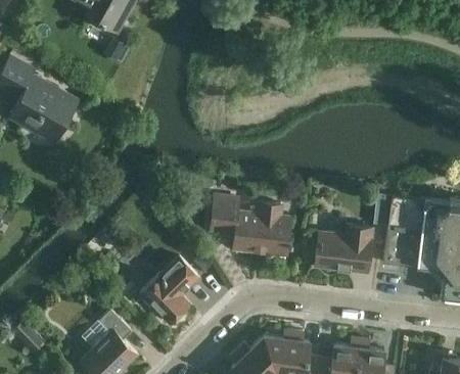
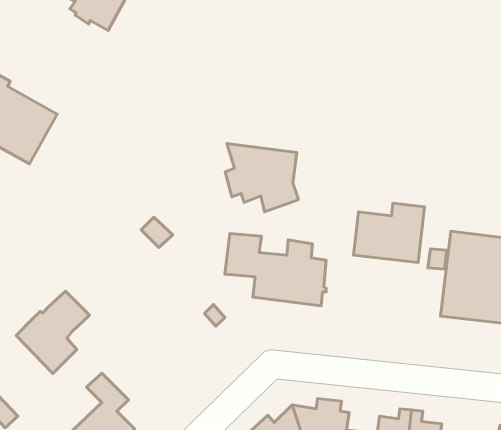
building: none -> [225,143,298,212]
building: [315,224,372,272] -> [353,203,424,263]
building: [140,256,199,323] -> [16,291,90,374]

